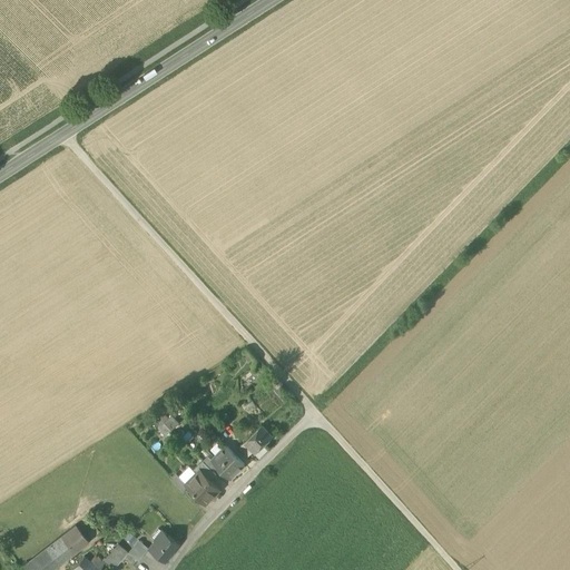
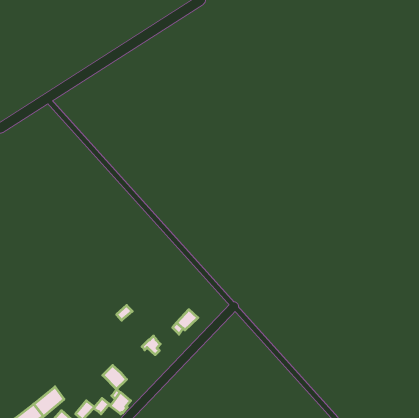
building: [213,448,245,481] -> none
building: [187,473,219,505] -> [103,365,127,389]

